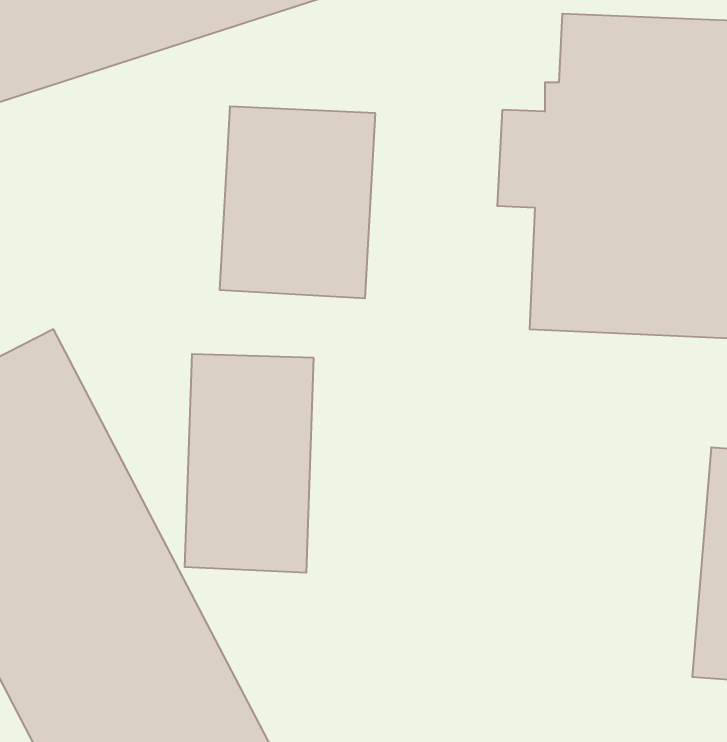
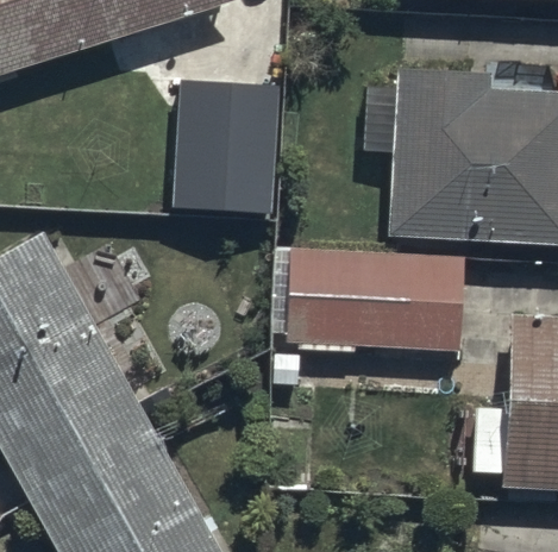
building: none -> [269,249,460,352]
building: [185,354,313,573] -> none

